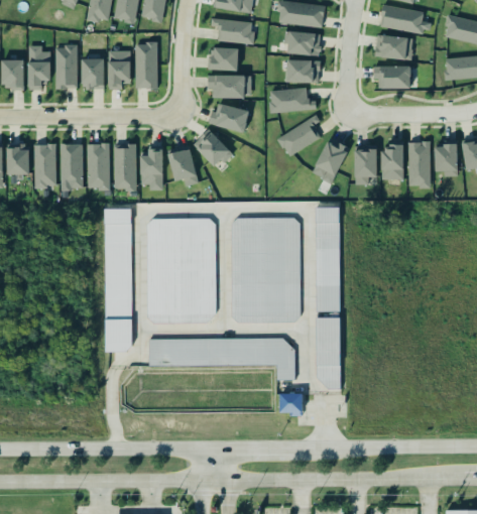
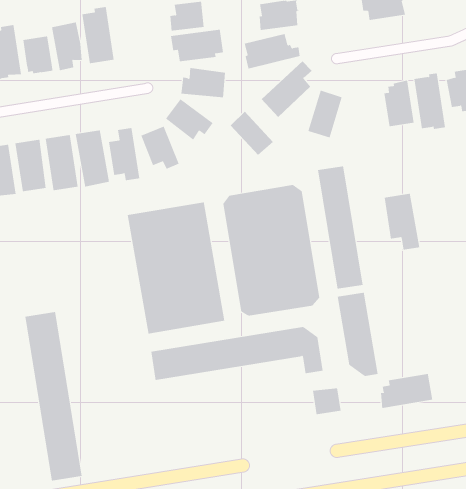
building: none -> [230,111,274,156]
building: [354,149,378,197] -> [384,193,420,250]
building: [105,209,133,352] -> [25,312,83,481]
building: none -> [381,373,433,409]

